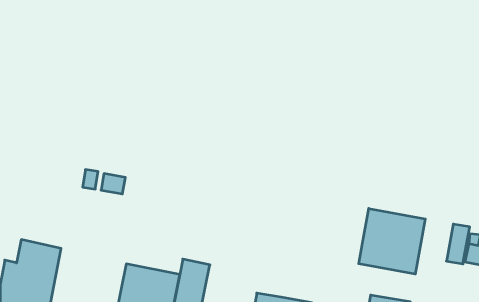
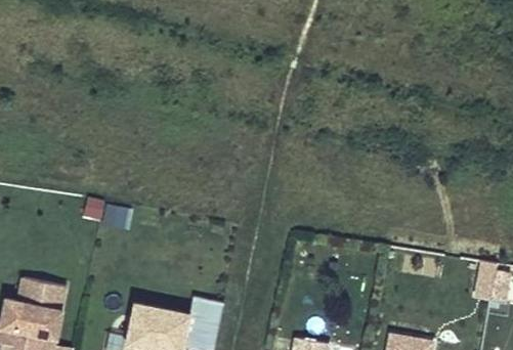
building: [359,208,425,274] -> none

